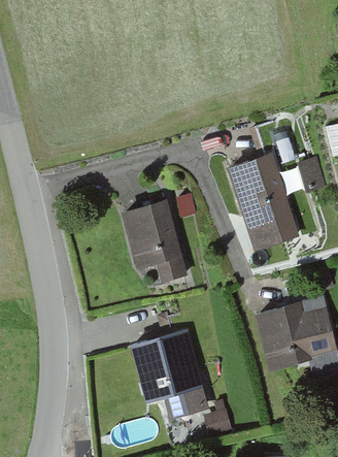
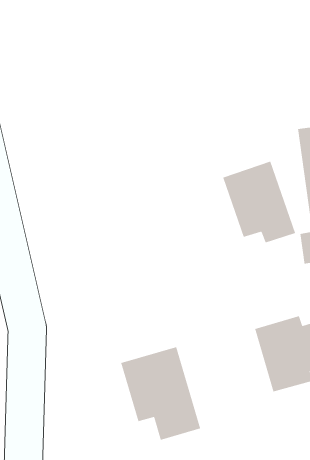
building: [126,203,176,269] -> none

